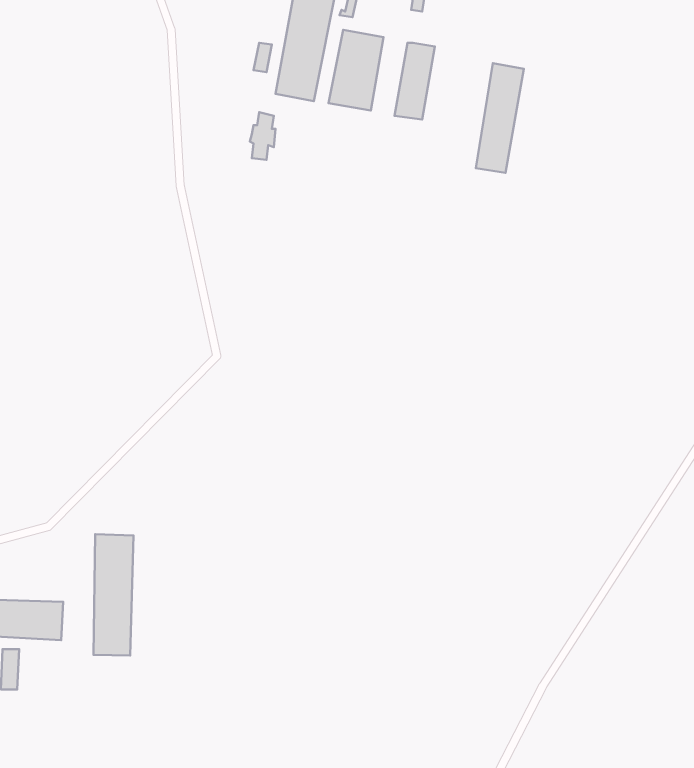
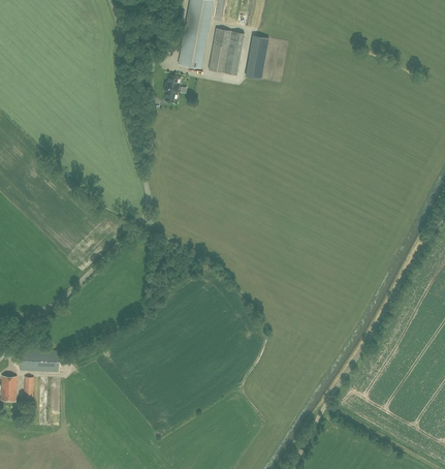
building: [476,63,524,173] -> none
building: [93,534,133,656] -> none

